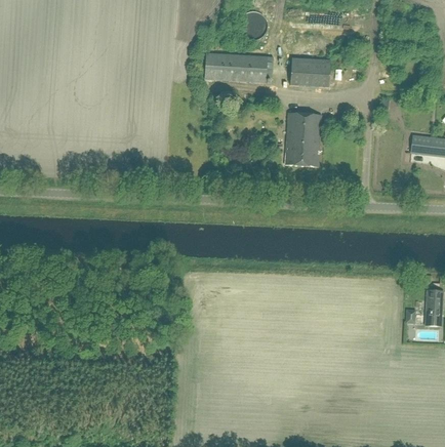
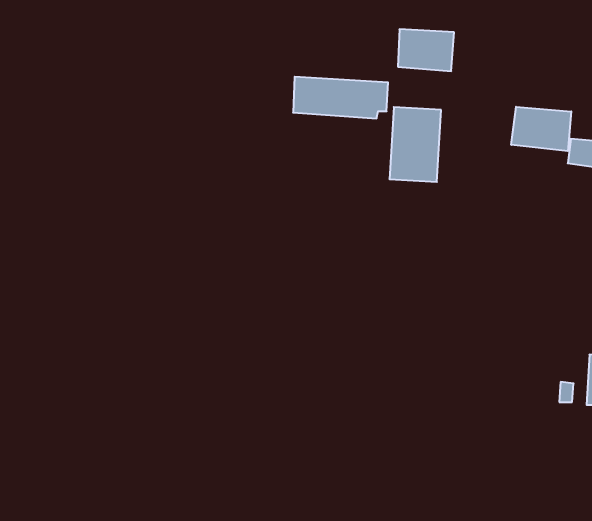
building: [205,52,273,82] -> [293,77,388,118]
building: none -> [511,107,571,151]

